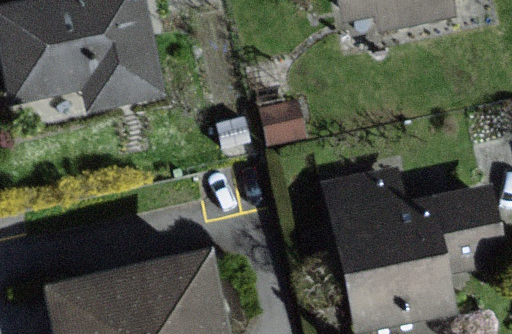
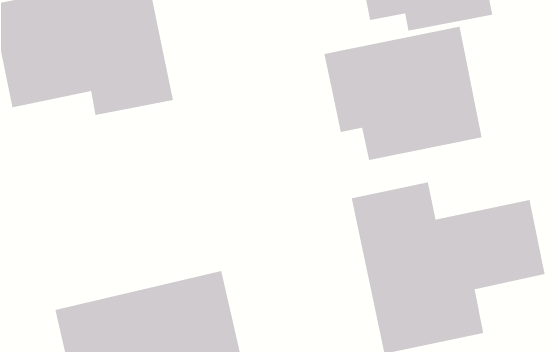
building: none -> [324,26,483,161]

